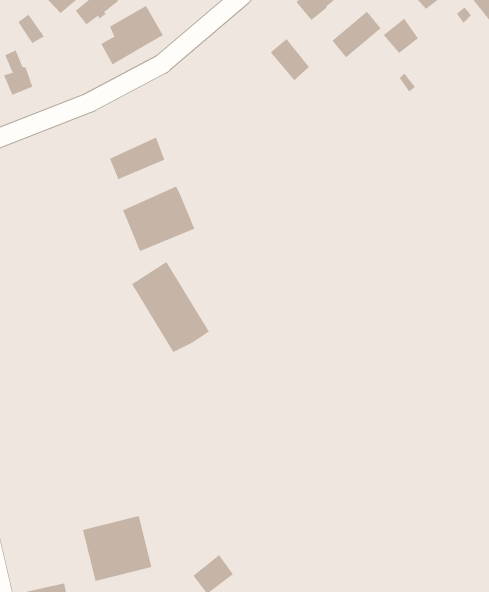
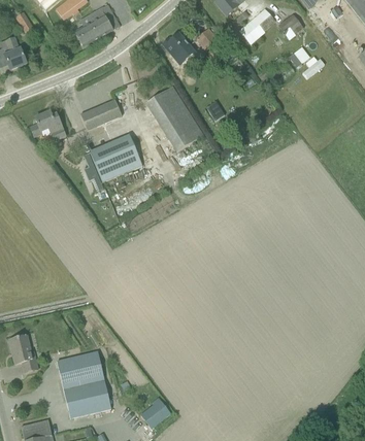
building: none -> [163,33,193,62]
building: none -> [30,111,66,141]
building: [131,261,210,353] -> [146,86,203,151]
building: none -> [9,335,37,372]
building: none -> [57,350,102,381]

